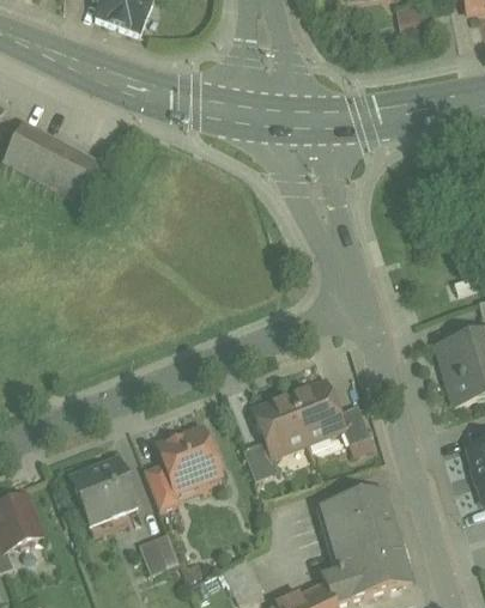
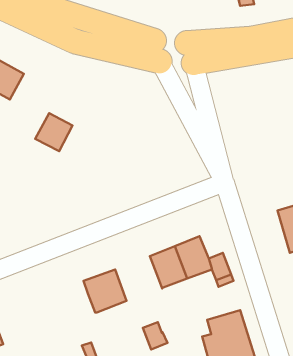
building: [50,146,104,201] -> [35,113,72,151]
building: [243,440,279,480] -> [143,322,168,349]
building: [69,460,137,525] -> none
building: [144,463,180,511] -> none

